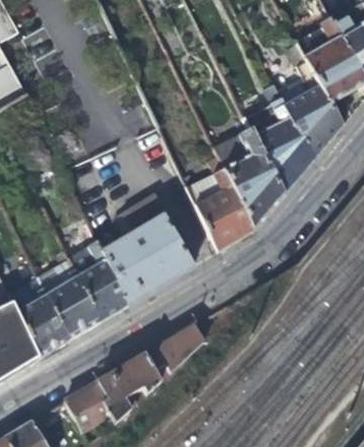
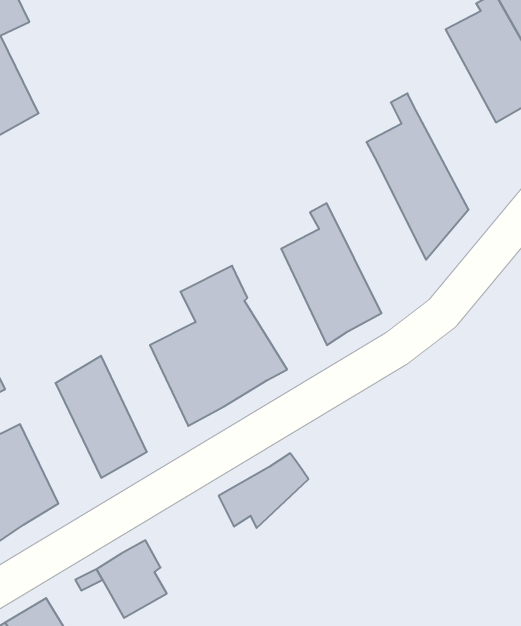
building: [277,39,344,158] -> none
building: [216,127,285,228] -> none
building: [68,229,126,320] -> none
building: [9,274,68,355] -> none
building: [98,349,162,423] -> none

